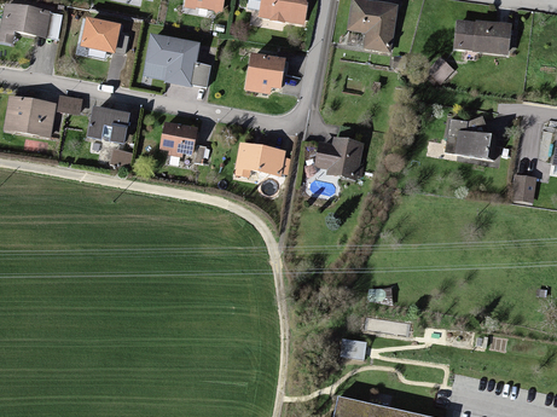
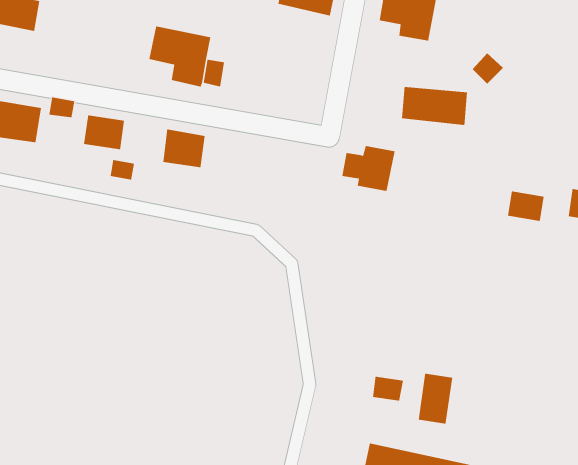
building: [81,16,122,52] -> none
building: [452,19,510,53] -> [401,87,468,126]
building: [245,51,286,93] -> none
building: [454,131,487,157] -> [507,191,545,221]
building: [234,143,284,175] -> none
building: none -> [418,373,453,425]

